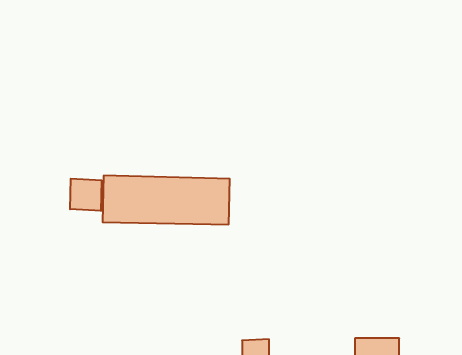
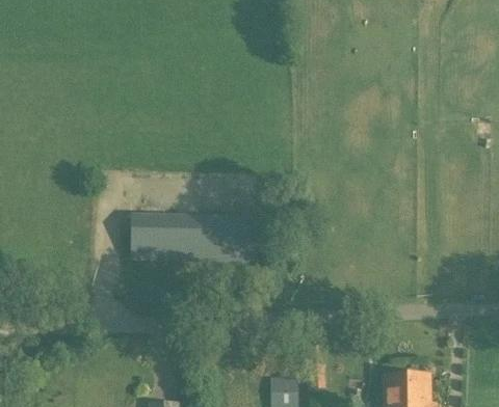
building: [70,179,102,211] -> none

